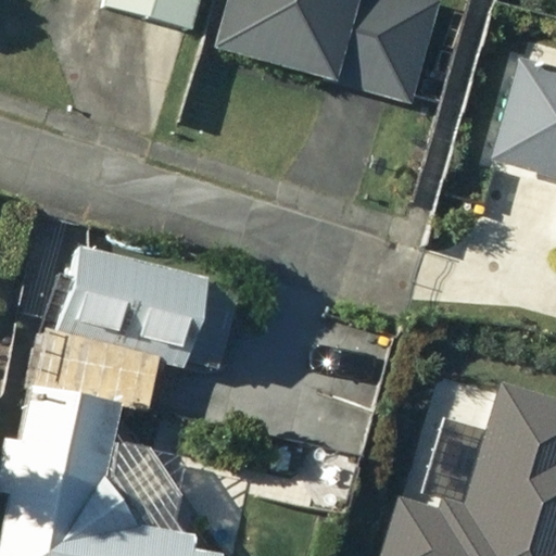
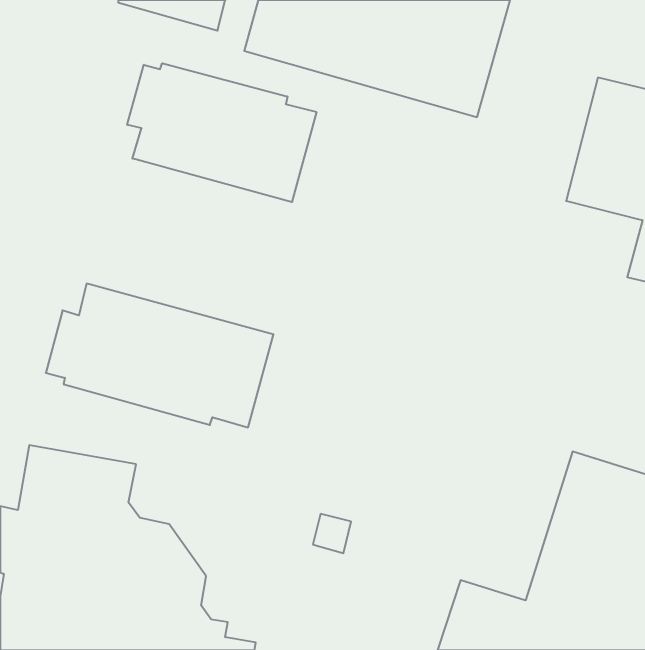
building: none -> [127,63,316,202]

